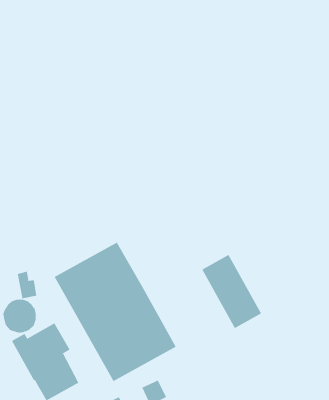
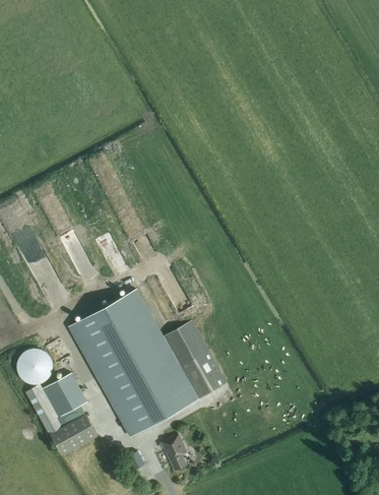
building: [201,254,262,329] -> [163,321,226,399]
building: [17,271,37,299] -> none

